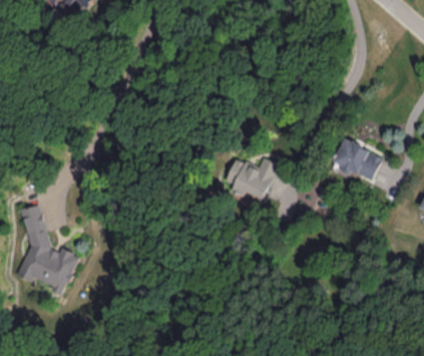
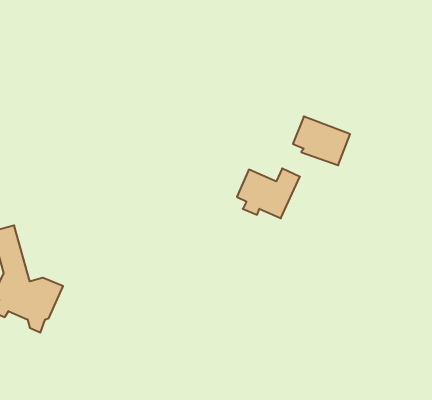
building: [333,140,381,182] -> [293,116,350,165]

